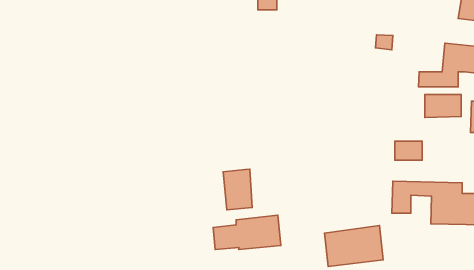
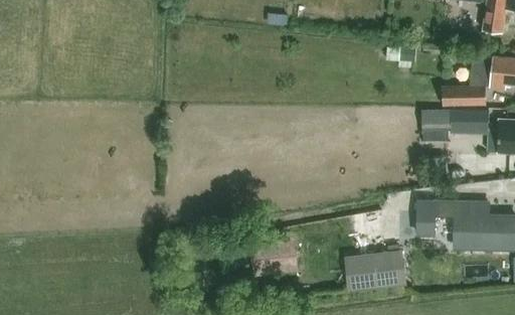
building: [395,141,422,160] -> [421,110,451,130]
building: [223,169,252,210] -> none

